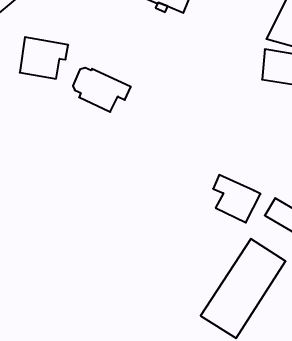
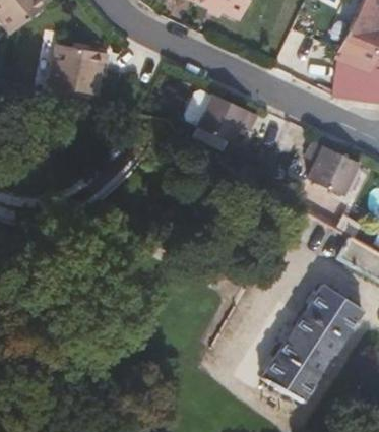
building: [73,68,131,112] -> [190,94,258,145]
building: [213,175,261,223] -> [306,142,362,198]

